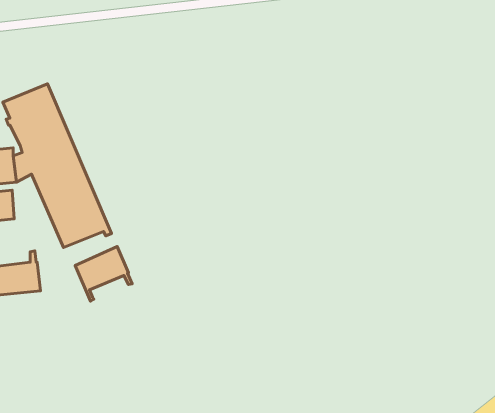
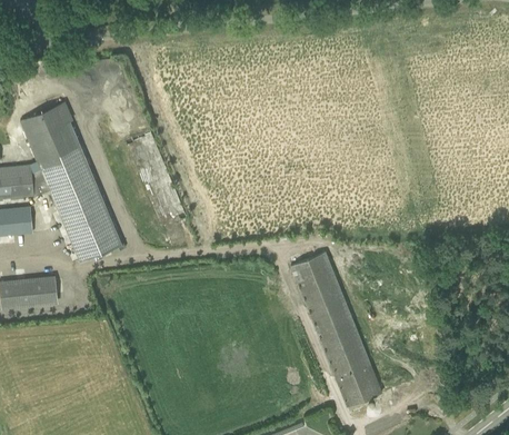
building: none -> [291,253,380,406]
building: [75,246,132,301] -> none

